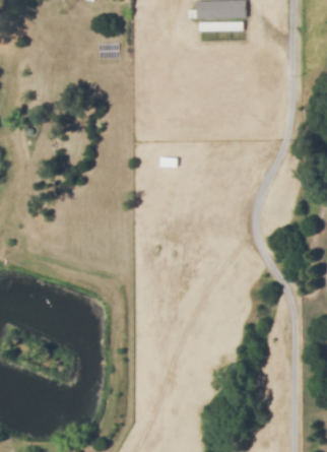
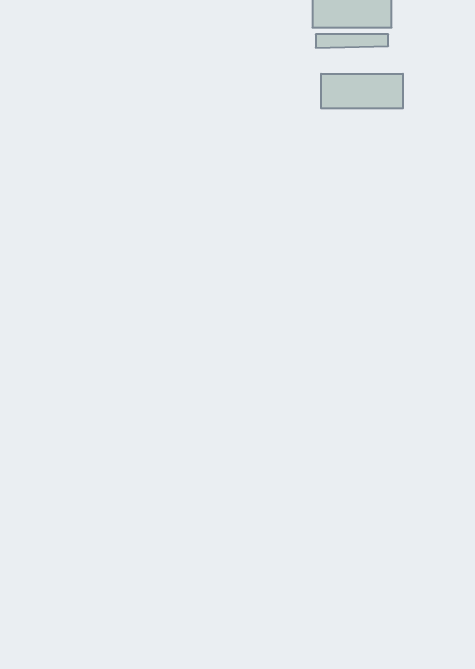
building: none -> [321,74,403,108]

